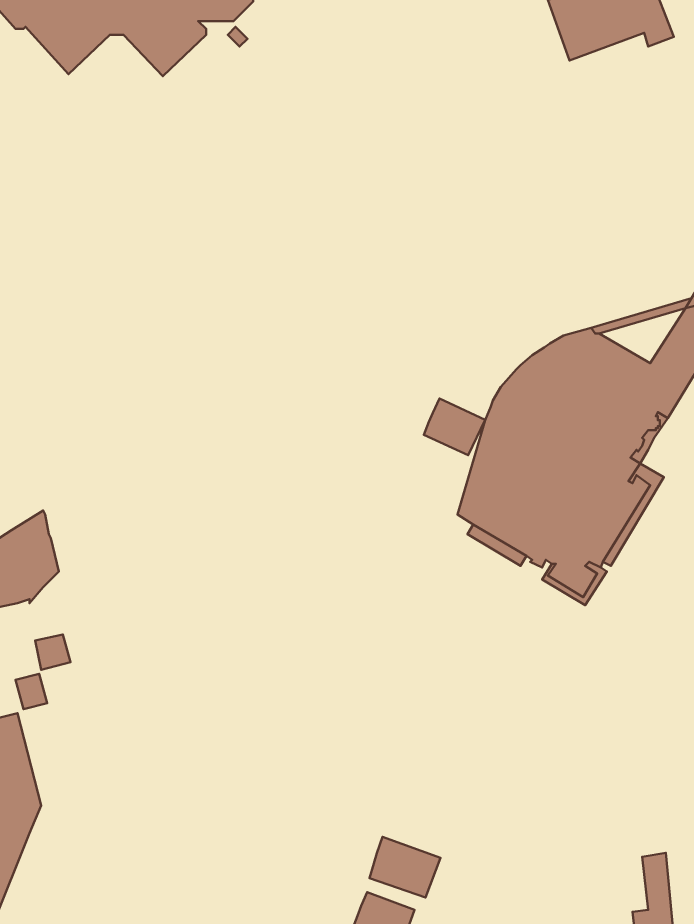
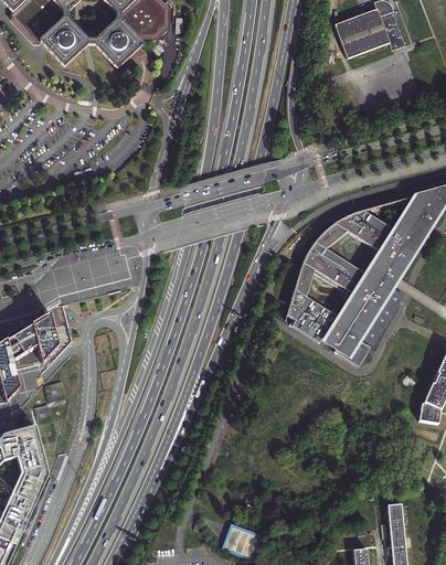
building: [424,398,485,455] -> none
building: [369,837,440,898] -> none

